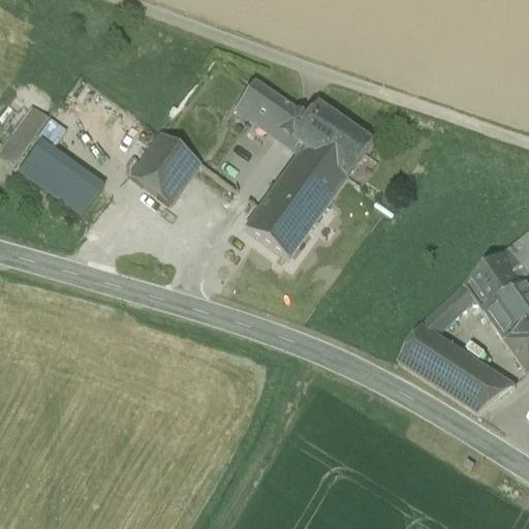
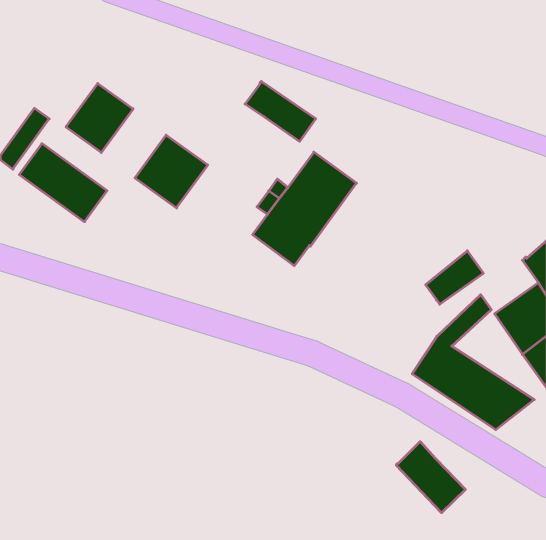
building: none -> [66,83,133,153]
building: [290,100,372,177] -> none
building: [465,251,521,303] -> [426,251,483,304]
building: none -> [396,442,465,513]

